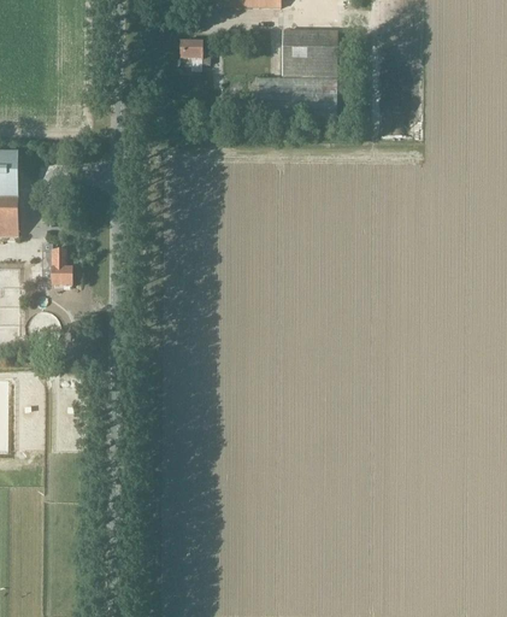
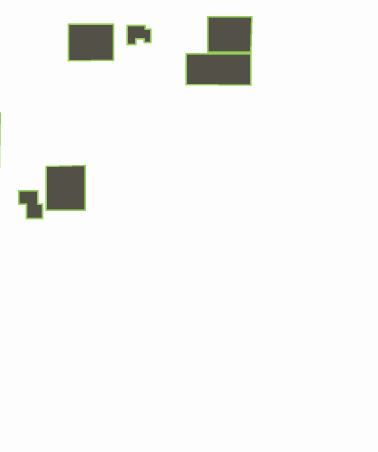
building: none -> [68,24,113,61]
building: none -> [46,166,85,210]

